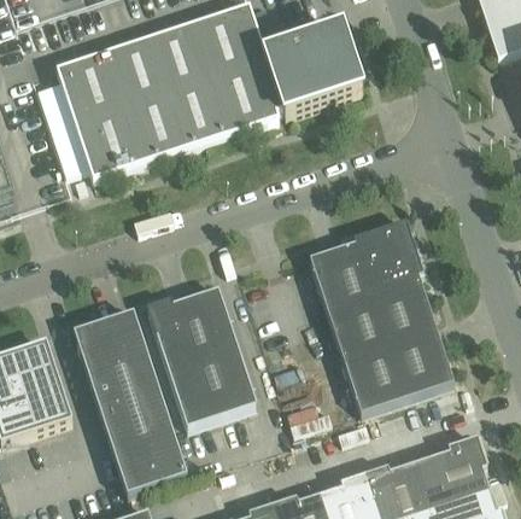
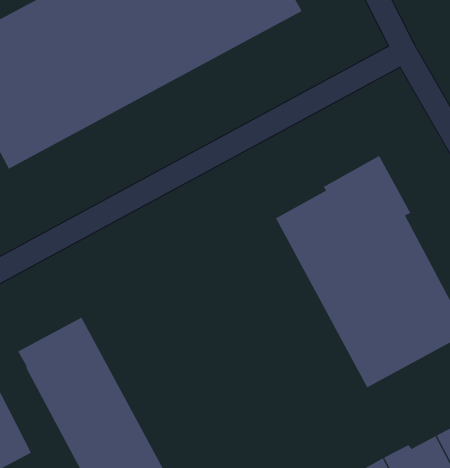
building: [147,286,256,425] -> none

